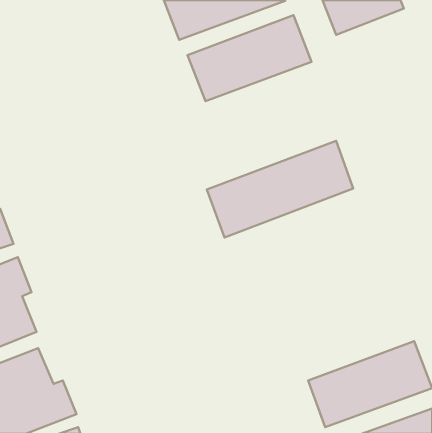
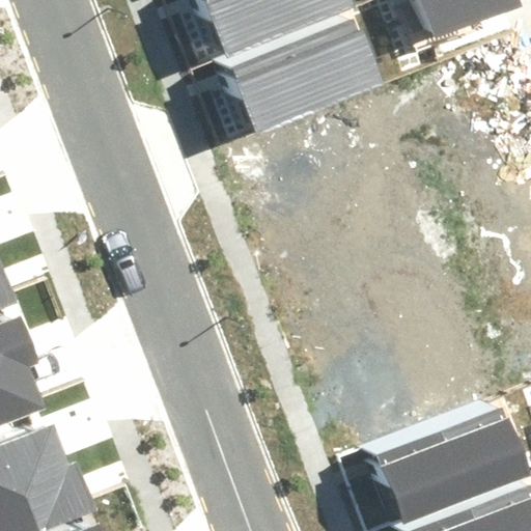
building: [207,141,353,238] -> none

